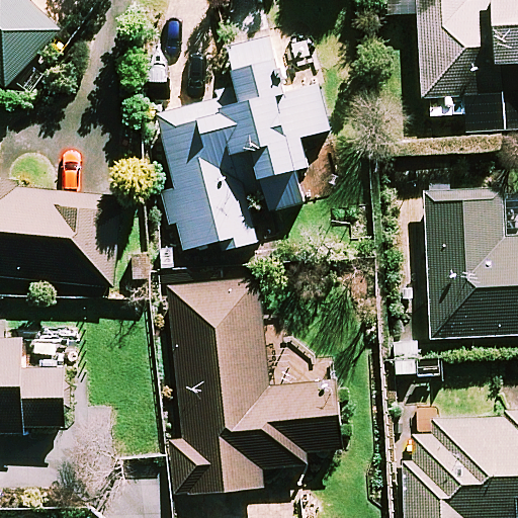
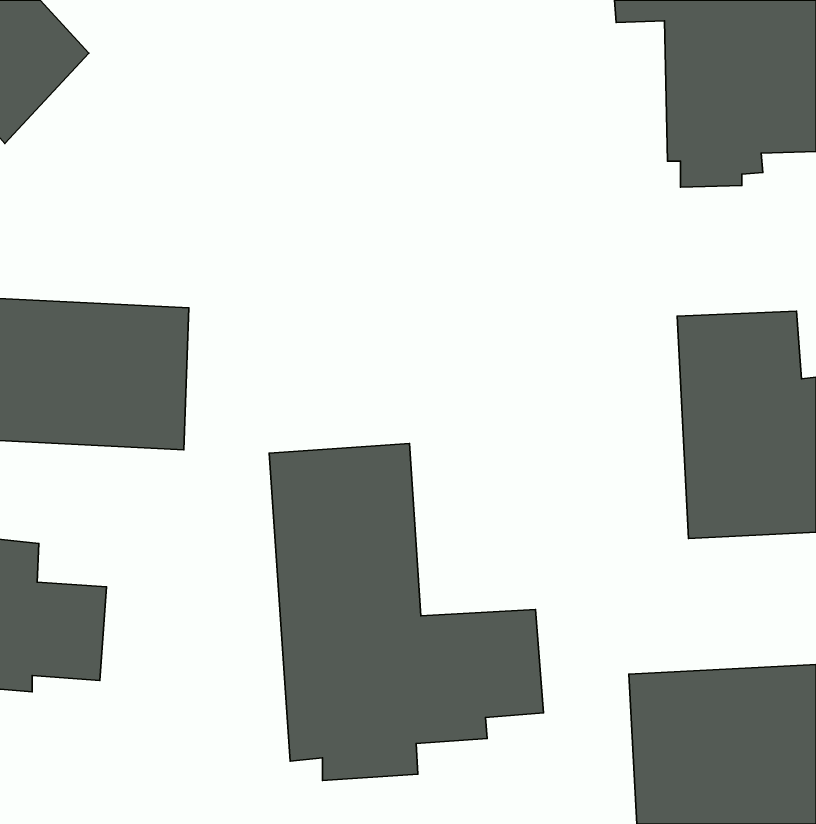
building: [149,35,327,250] -> none

